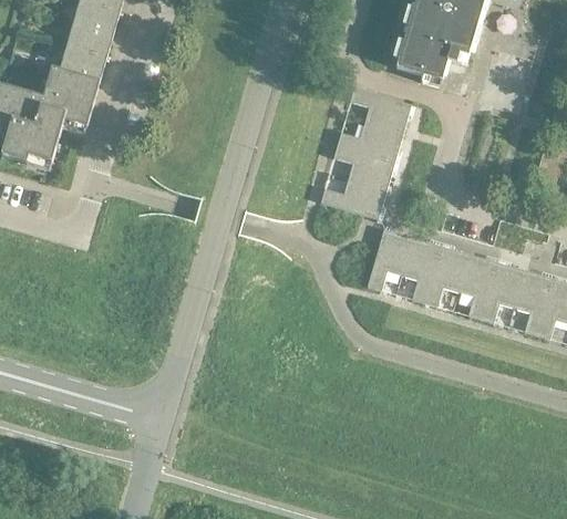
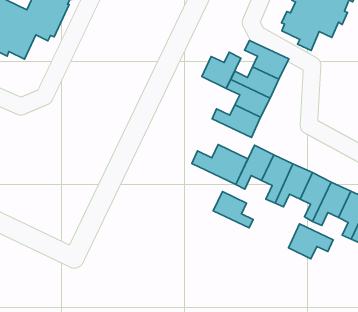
building: none -> [202,52,241,89]
building: none -> [192,145,248,185]
building: none -> [213,192,253,228]
building: none -> [288,224,333,259]

